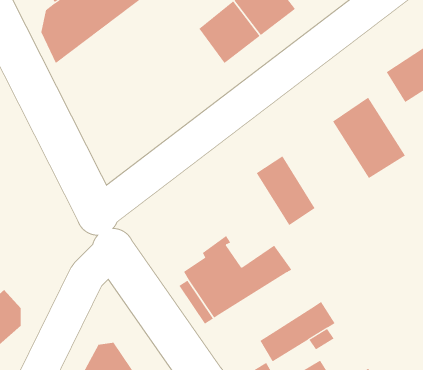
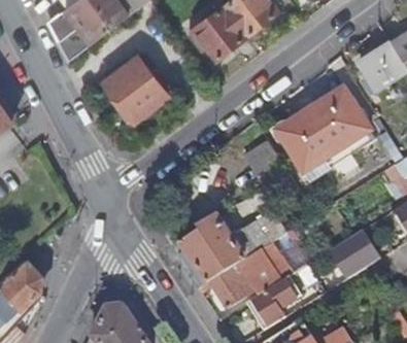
building: none -> [104,55,170,122]
building: none -> [275,110,343,182]
building: none -> [330,231,379,279]
building: none -> [210,242,293,309]

